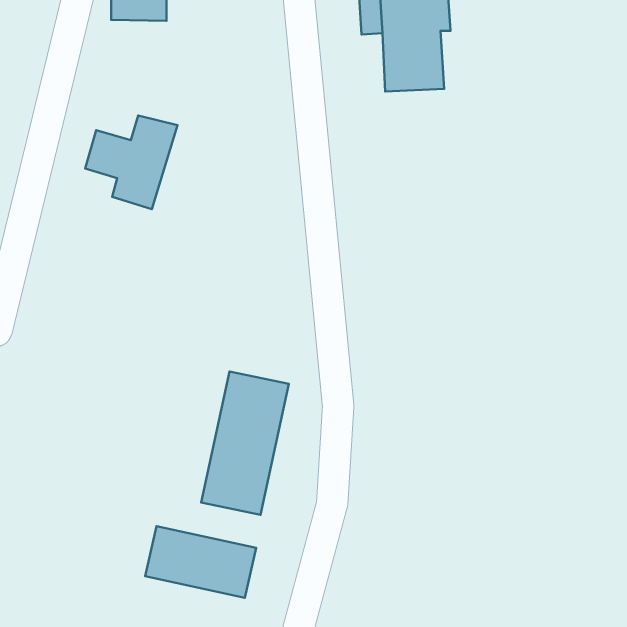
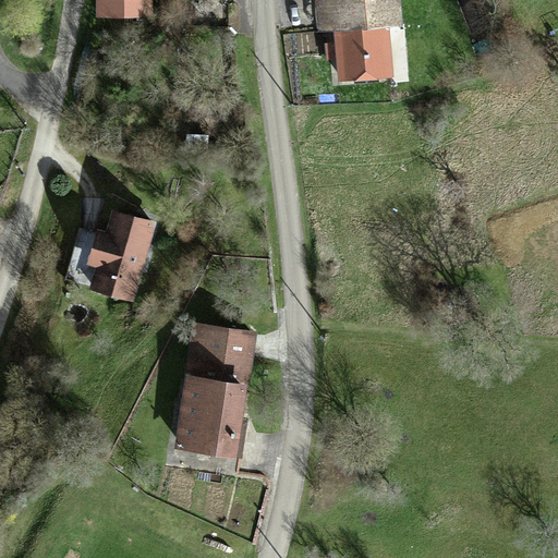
building: [85,115,178,209] -> [70,217,151,300]
building: [145,526,256,598] -> none

